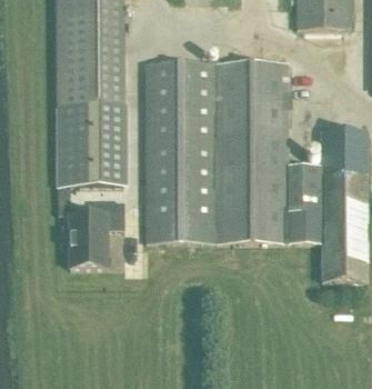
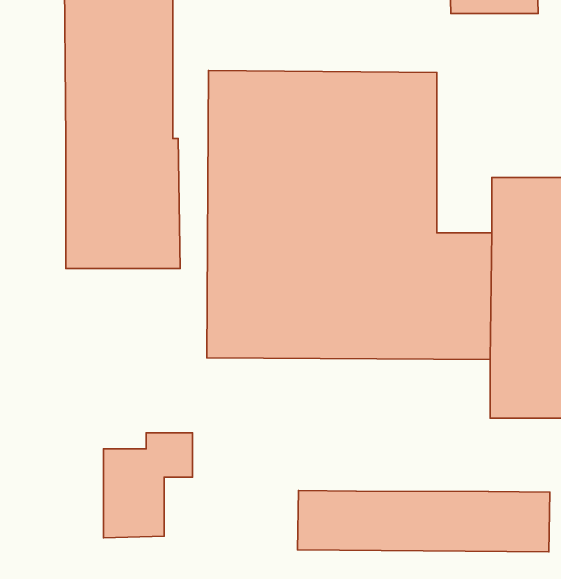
building: [68,200,123,266] -> [103,433,193,538]
building: none -> [297,490,550,552]

